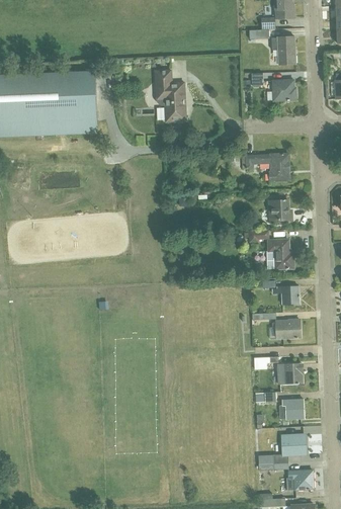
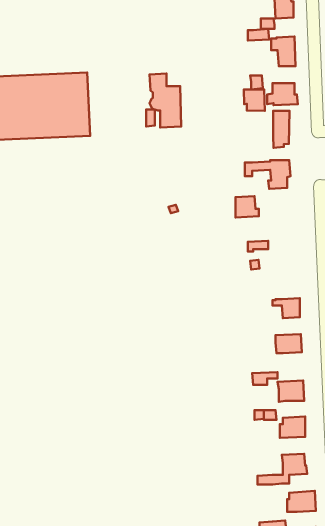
building: none -> [244,89,265,111]
building: none -> [273,111,289,148]
building: [269,200,291,221] -> [235,196,259,217]
building: [266,240,293,268] -> none

